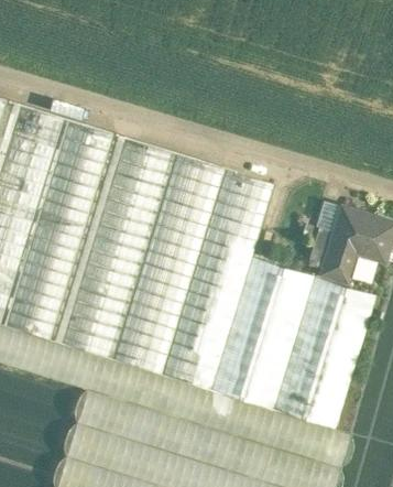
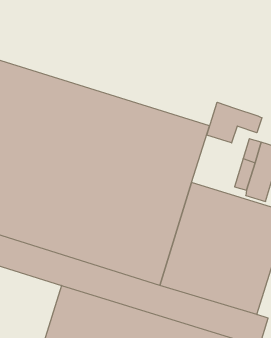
building: none -> [207,102,262,143]

